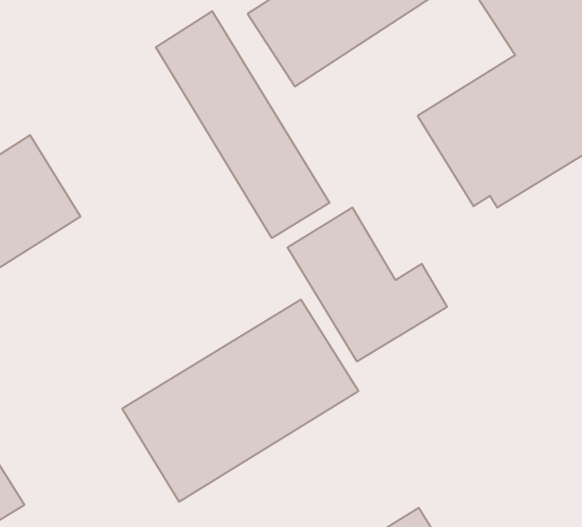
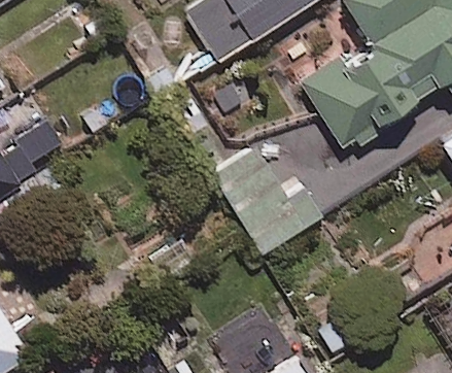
building: [156,11,330,238] -> none
building: [122,299,358,502] -> none

